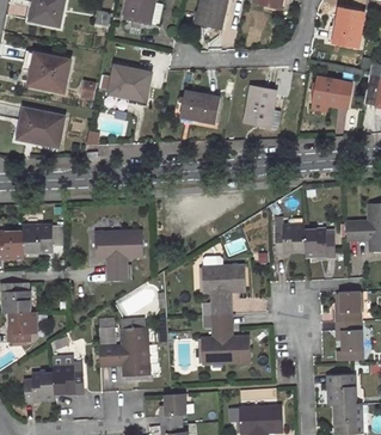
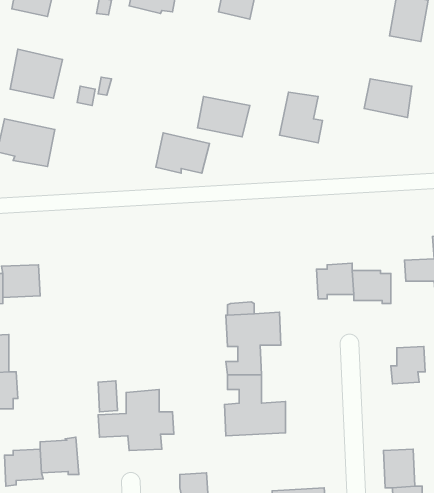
building: [109,65,152,97] -> [156,133,209,173]
building: [94,232,142,281] -> none
building: [336,320,363,360] -> none

